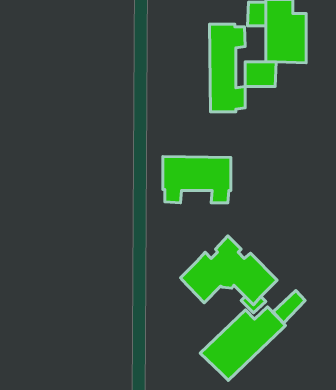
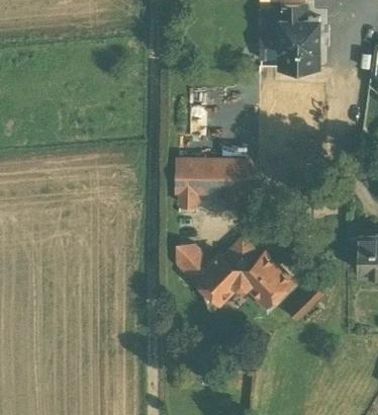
building: [210,24,245,112] -> none
building: none -> [177,245,212,281]
building: [200,307,286,380] -> none

